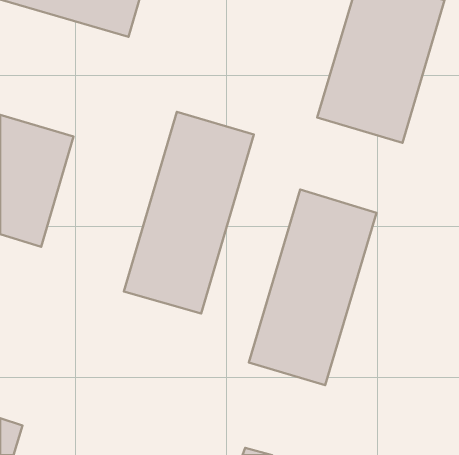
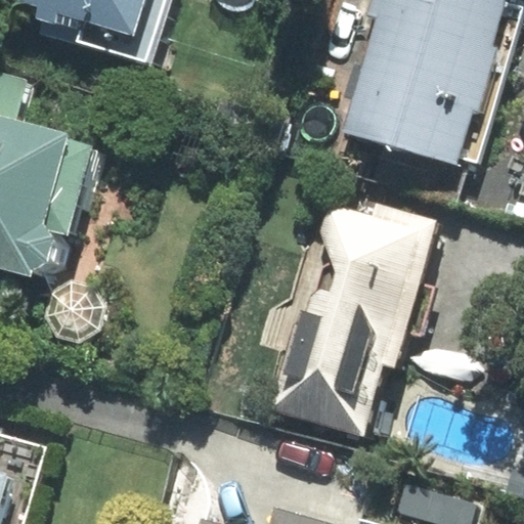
building: [124,112,254,313] -> none

